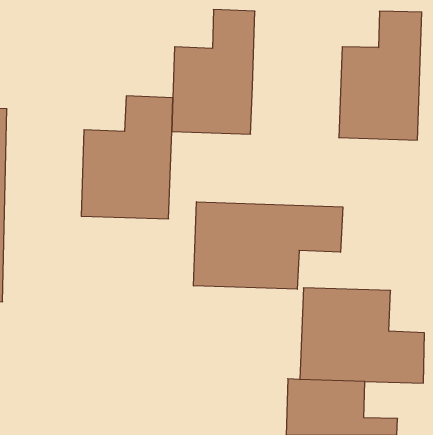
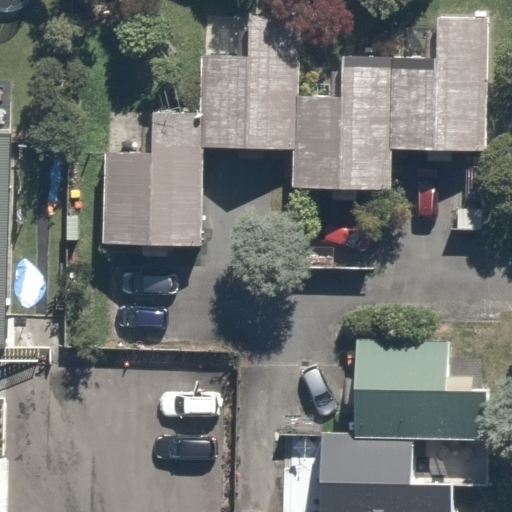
building: none -> [289,52,396,195]
building: [194,202,343,289] -> none

